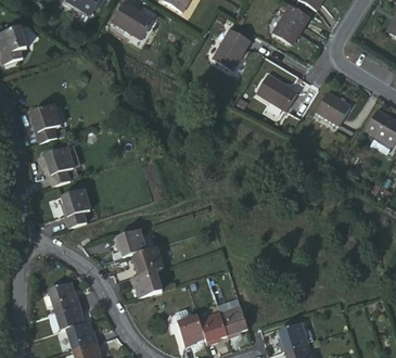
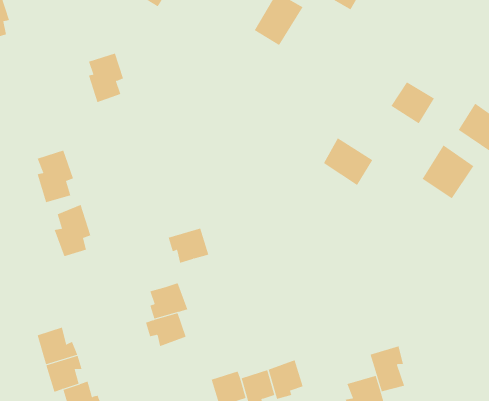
building: [261,78,299,115] -> [323,138,373,186]
building: [34,103,61,141] -> [88,53,124,103]
building: none -> [422,144,474,199]
building: [113,230,144,257] -> [168,228,209,263]
building: none -> [370,346,405,392]

